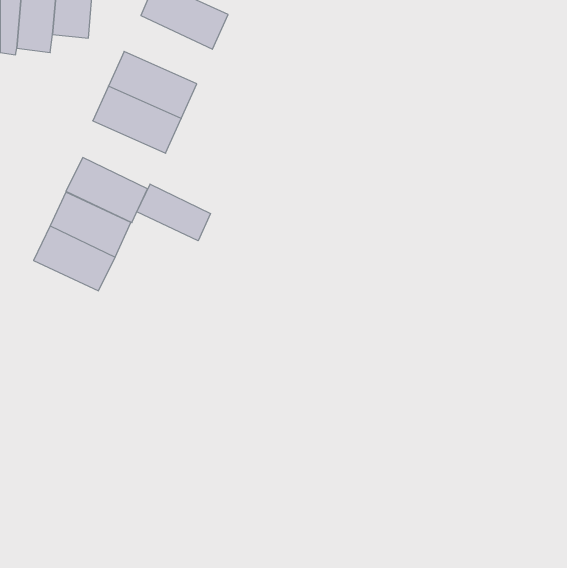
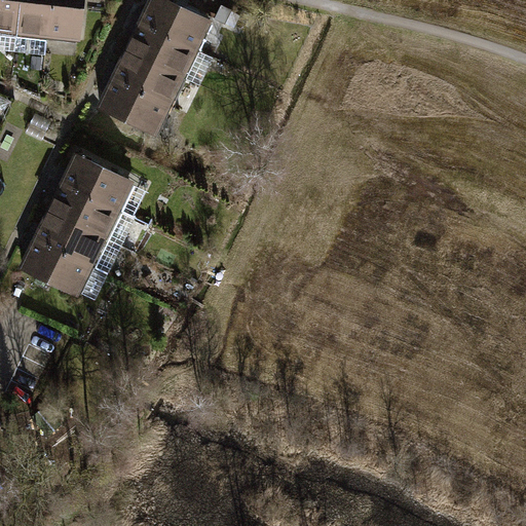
building: none -> [118,15,199,77]
building: [137,184,210,241] -> none
building: none -> [21,239,95,299]

